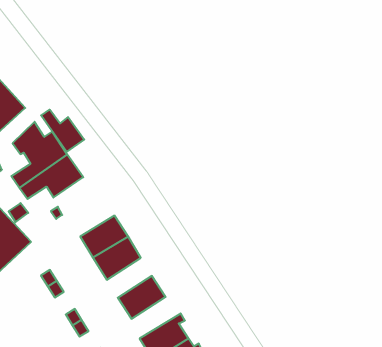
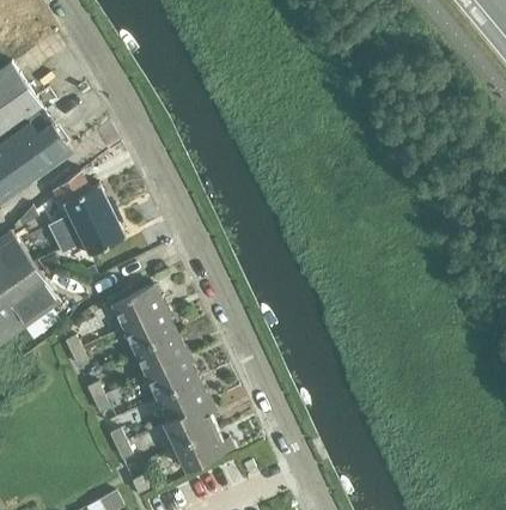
building: [41,110,84,152] -> none
building: none -> [136,335,187,376]
building: none -> [158,382,213,424]

